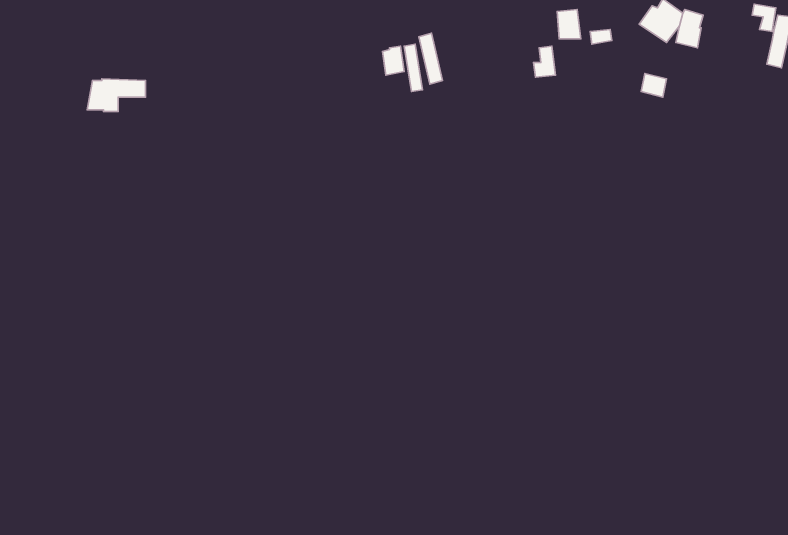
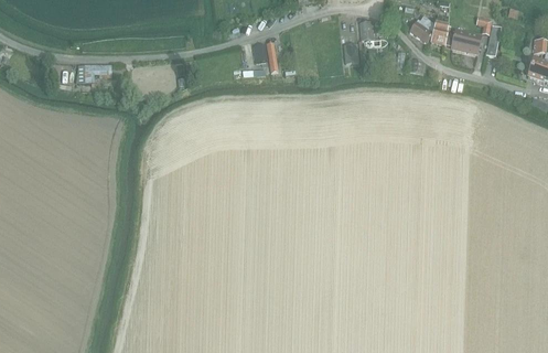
building: none -> [450,32,480,54]

